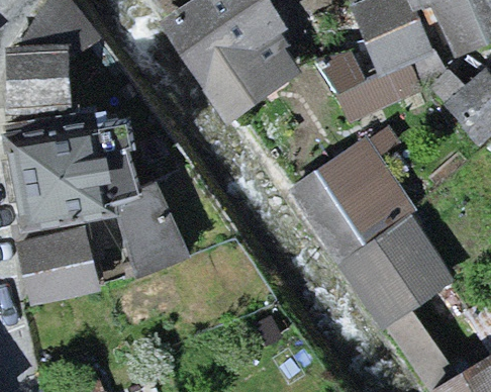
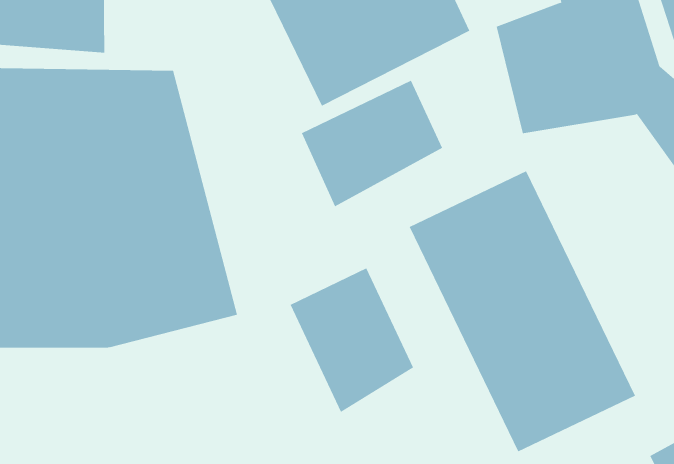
building: none -> [301,80,443,207]
building: none -> [290,268,414,413]

